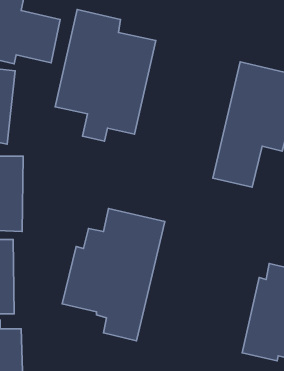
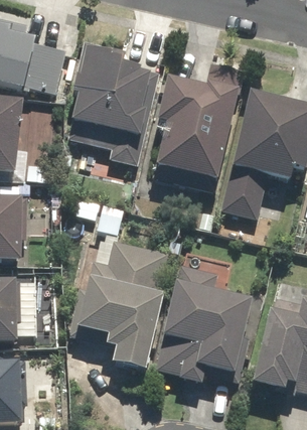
building: none -> [150,63,245,191]
building: none -> [159,263,250,385]

